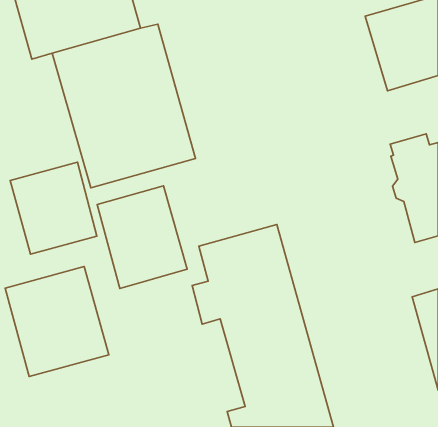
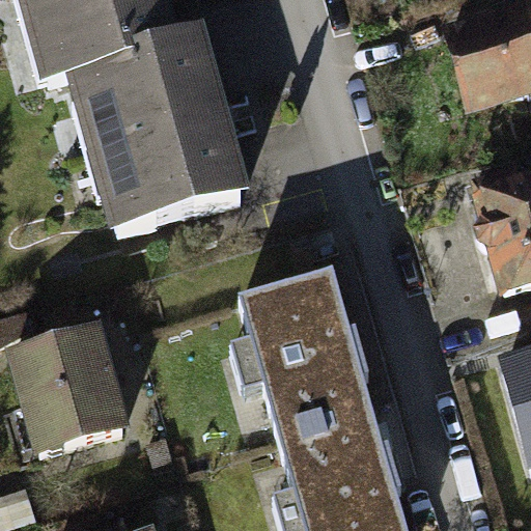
building: [10,162,97,254] -> none
building: [97,186,187,288] -> none

